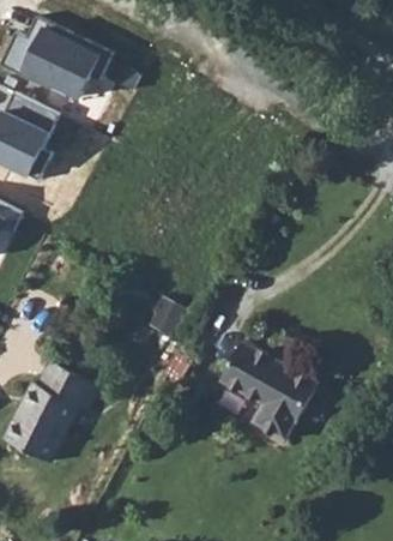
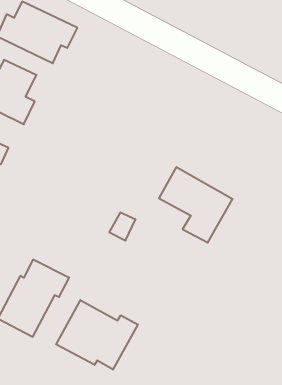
building: [220,341,318,440] -> [159,167,233,243]
building: none -> [56,300,138,370]

